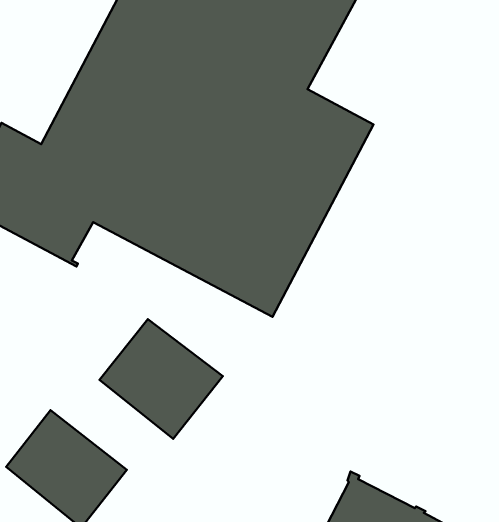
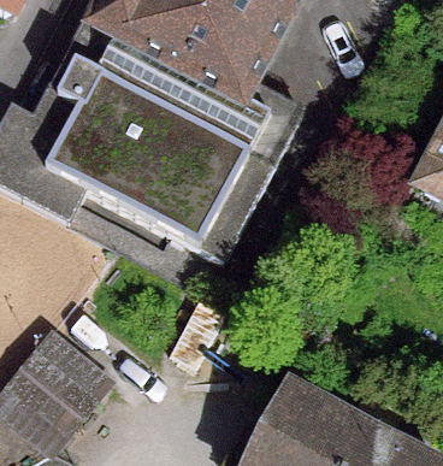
building: [99,319,223,439] -> none

